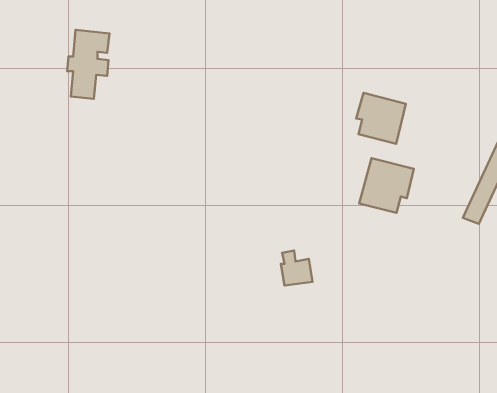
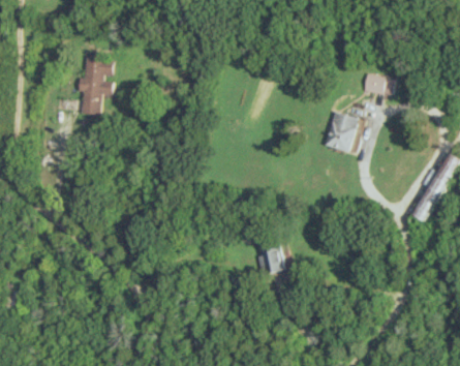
building: none -> [363,73,395,96]
building: [359,158,414,213] -> none

